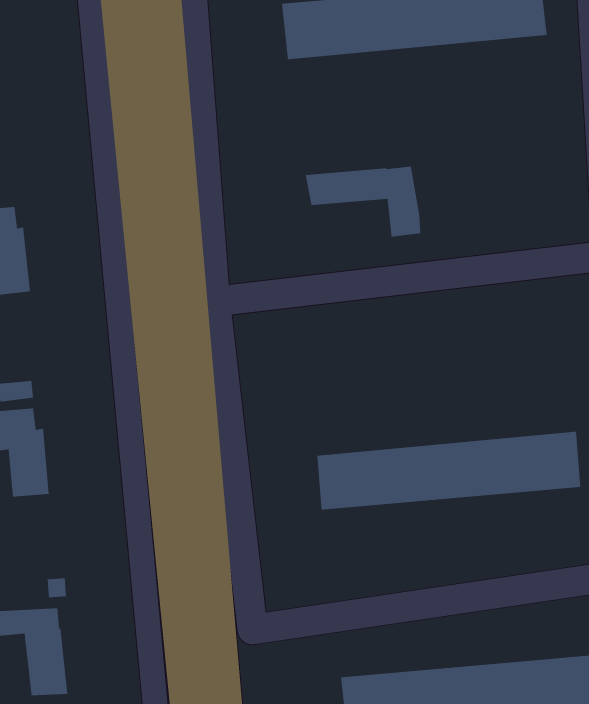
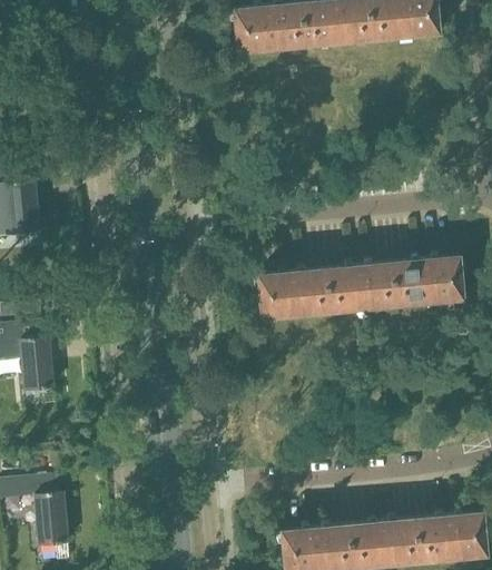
building: [305,166,421,237] -> none
building: [317,431,581,510] -> [258,256,463,317]

